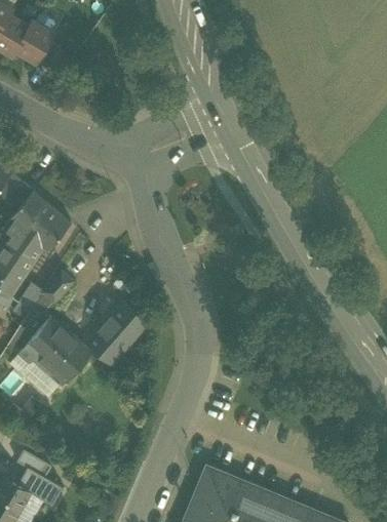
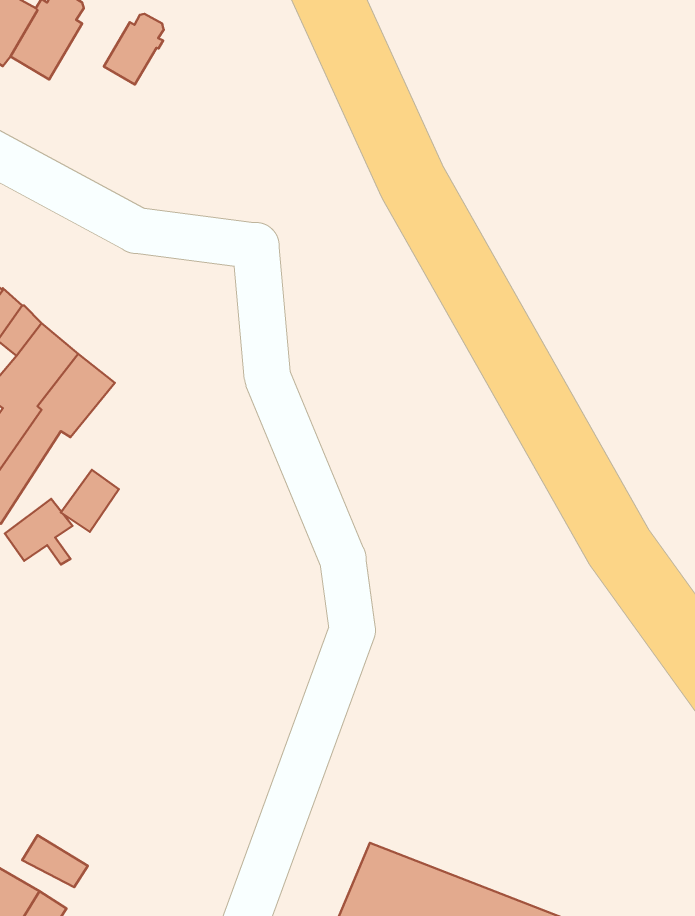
building: none -> [104,14,164,84]
building: [86,304,146,365] -> none
building: [18,319,90,382] -> none

